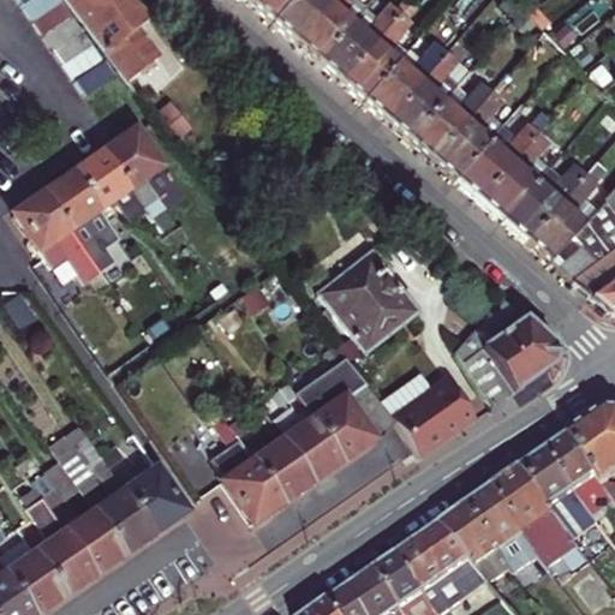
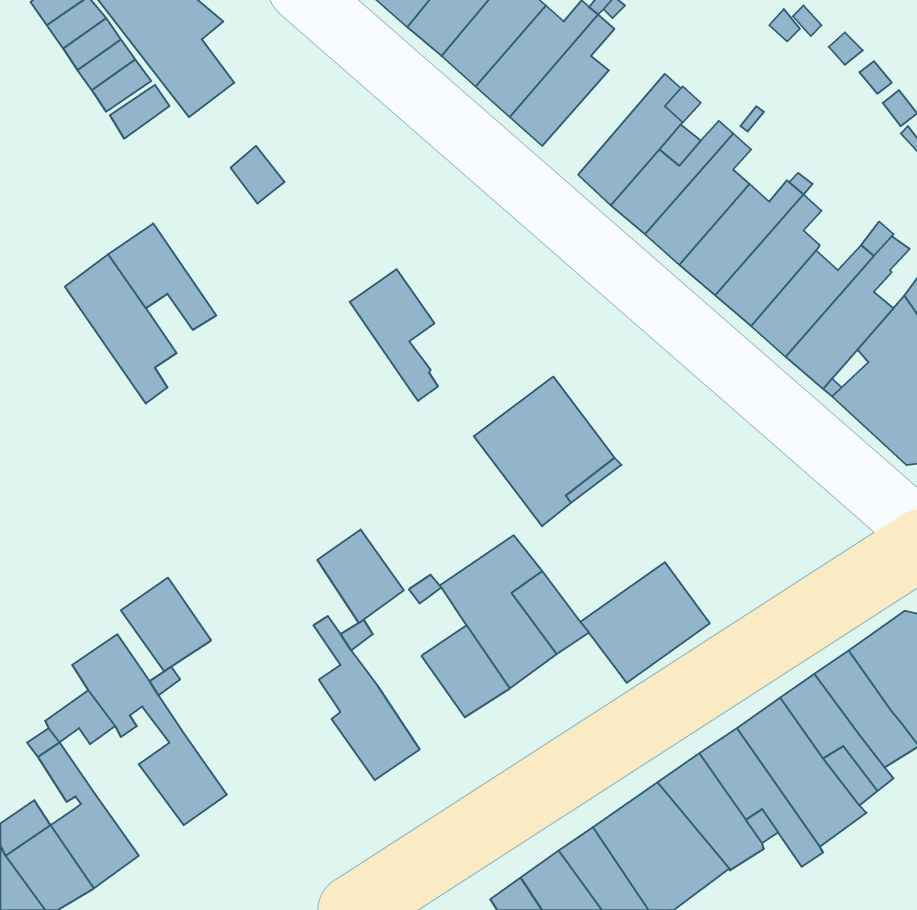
building: [364,40,446,117] -> none
building: [105,127,163,215] -> [350,269,438,401]
building: [14,191,100,280] -> none
building: [454,295,556,405] -> none
building: [255,437,312,500] -> [317,529,404,623]
building: [125,467,185,530] -> [121,578,211,671]
building: [66,509,125,571] -> none

